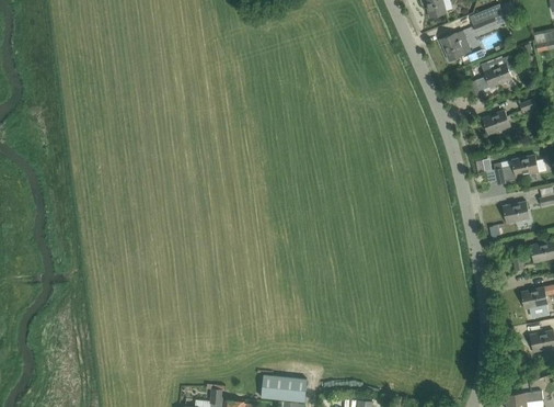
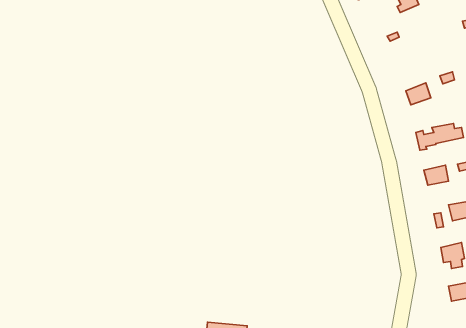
building: [439,30,471,61] -> none
building: [468,56,513,98] -> none

